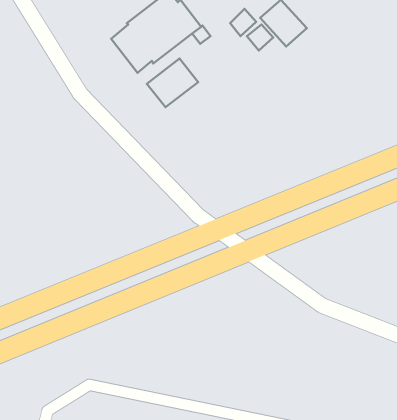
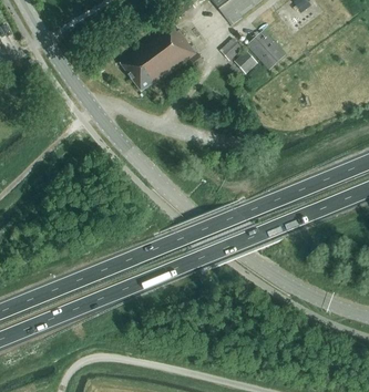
building: [147,59,198,107] -> none

